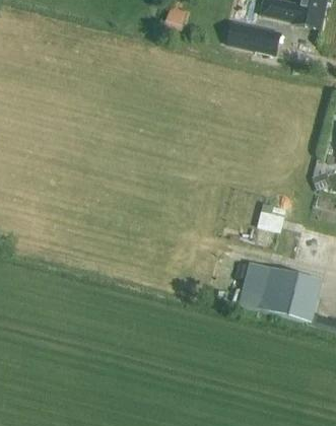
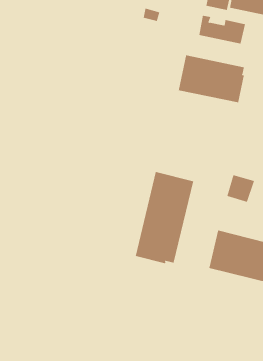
building: none -> [178,54,245,103]
building: none -> [135,171,194,264]

